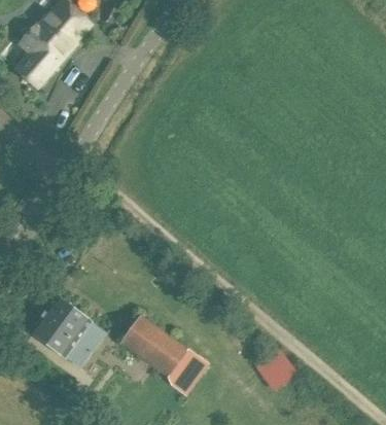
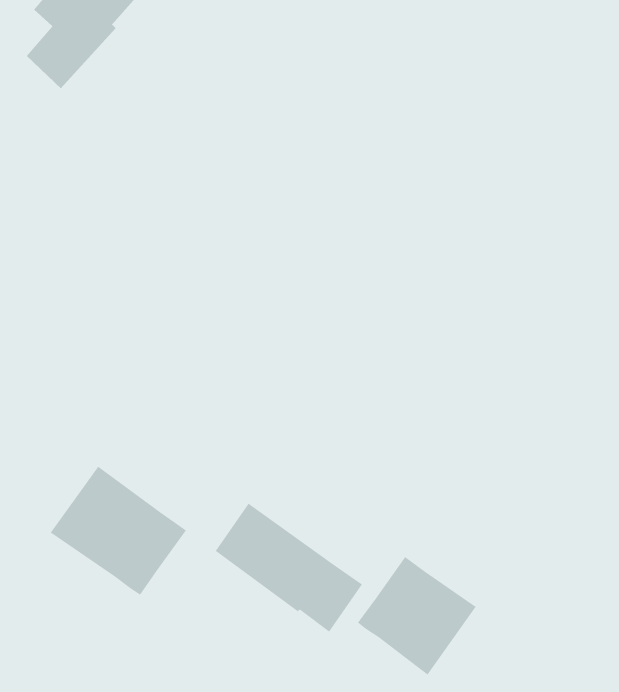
building: none -> [357,556,477,675]

